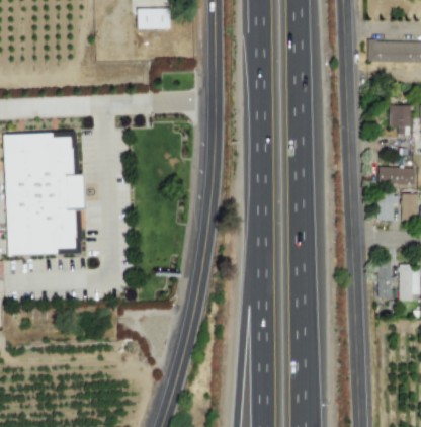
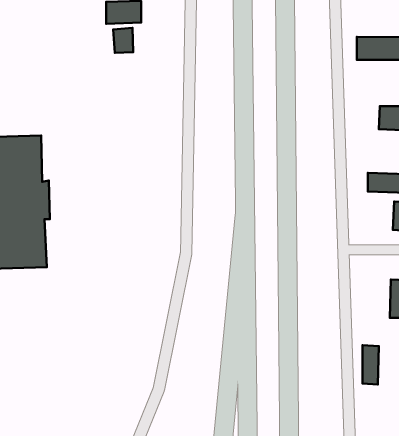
building: none -> [113,28,133,53]
building: [376,192,398,220] -> none
building: [376,261,392,297] -> [362,345,379,385]

